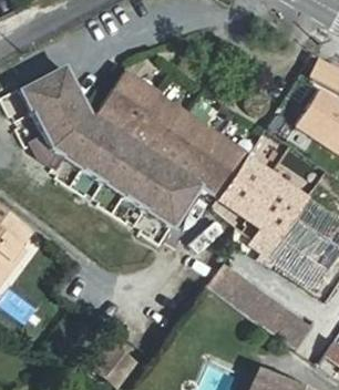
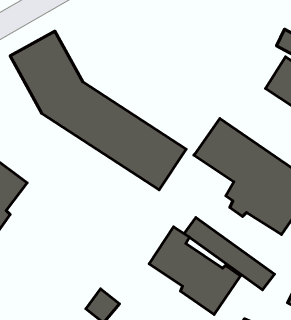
building: [95,71,250,196] -> none
building: none -> [149,227,240,314]

